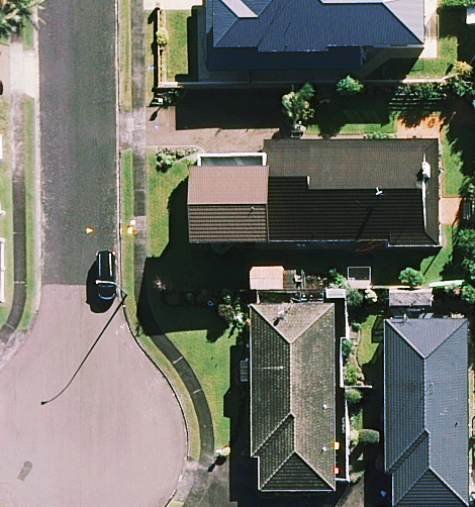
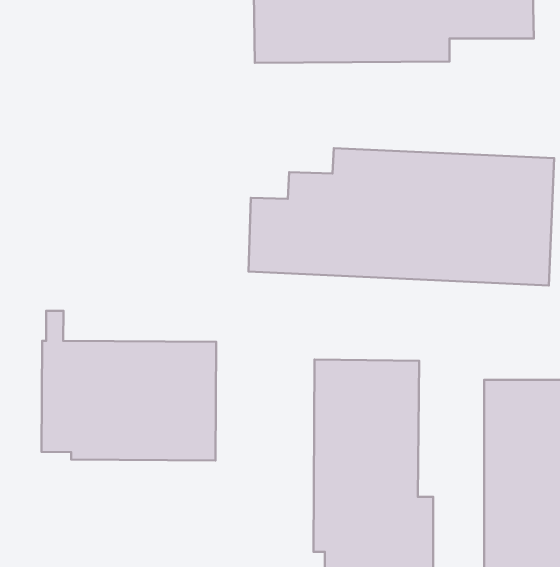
building: none -> [42,311,216,461]

